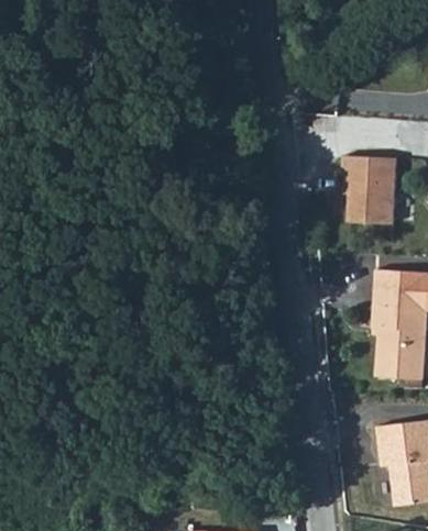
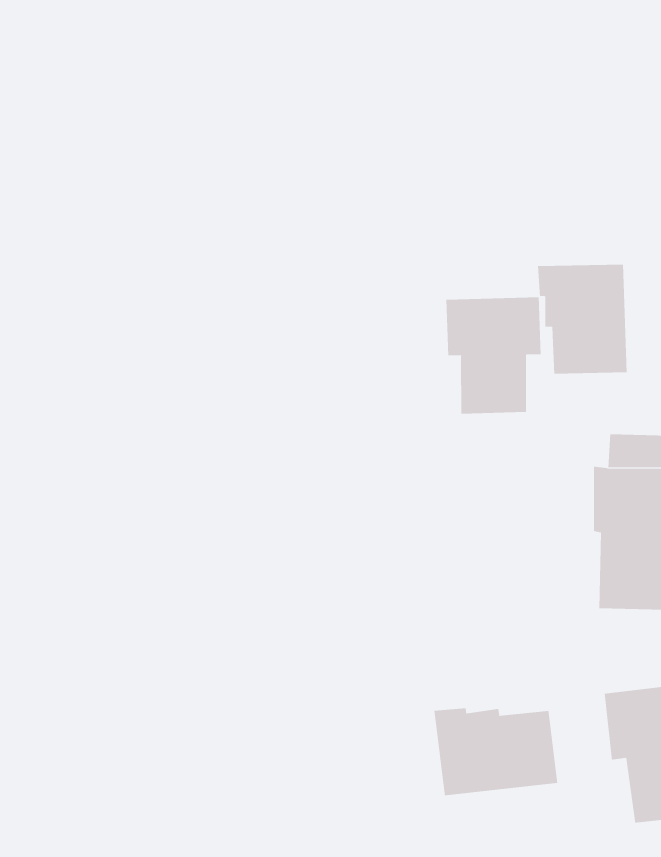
building: none -> [446,297,541,415]
building: none -> [434,707,558,796]

